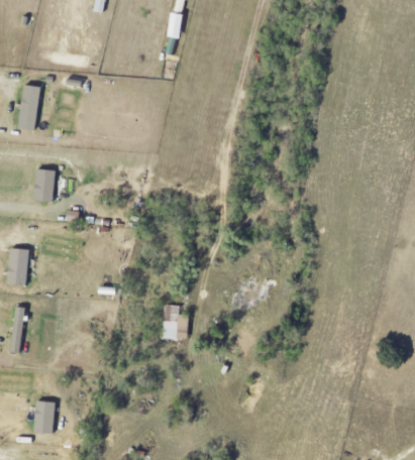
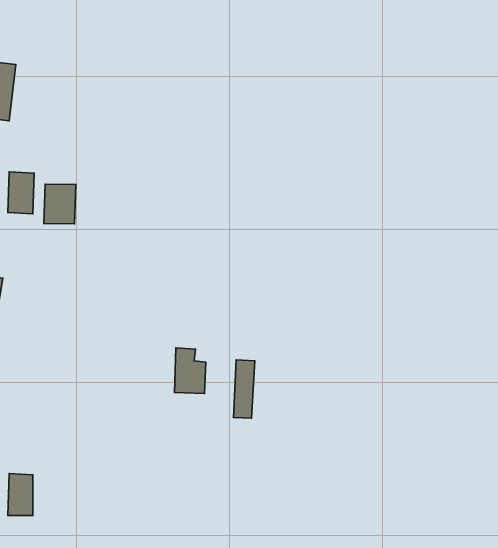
building: none -> [44,184,76,224]
building: none -> [234,360,255,418]

